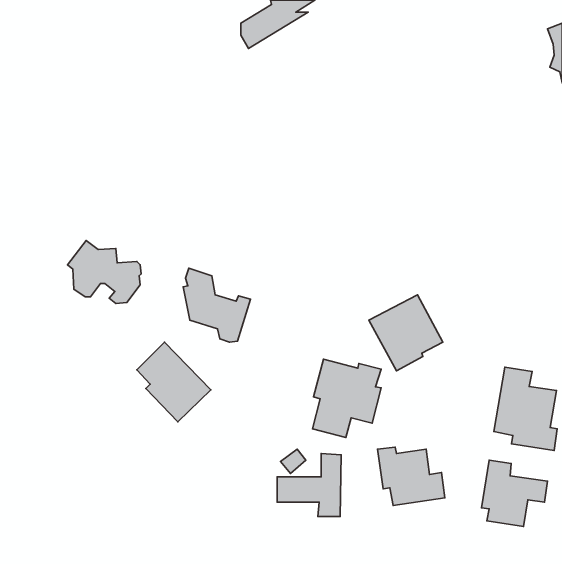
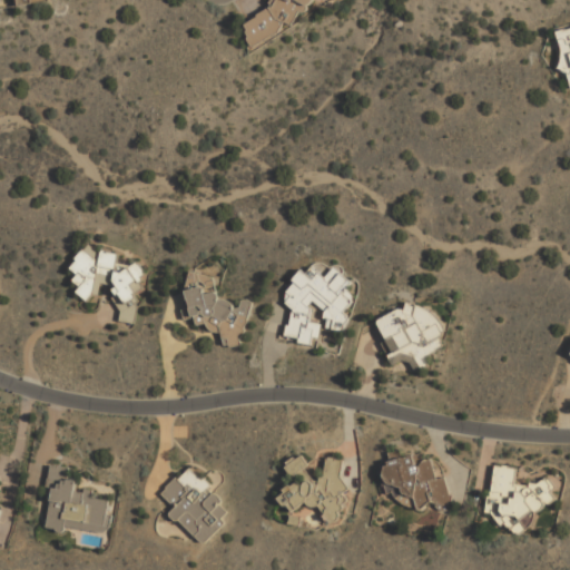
building: [137,342,211,422] -> [159,465,234,546]
building: [313,359,381,438] -> [283,266,352,345]
building: [494,367,557,451] -> none
building: none -> [43,465,110,533]

